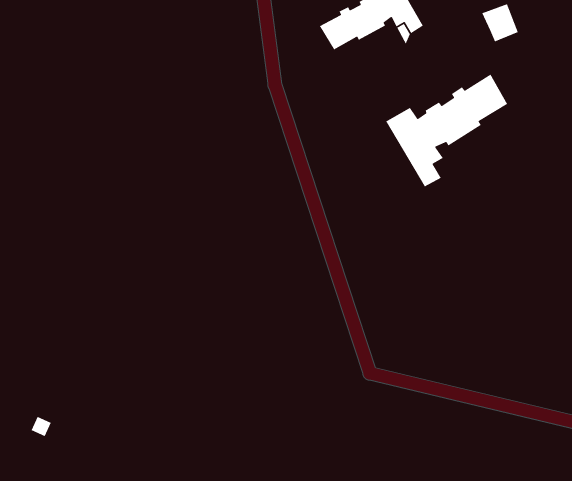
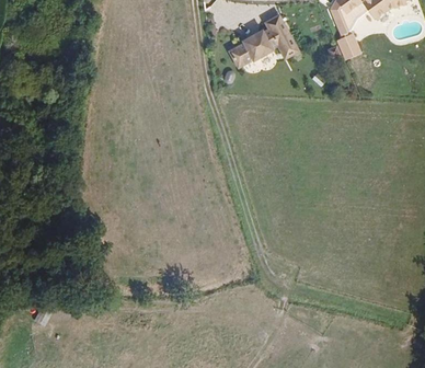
building: [385,73,508,188] -> none

